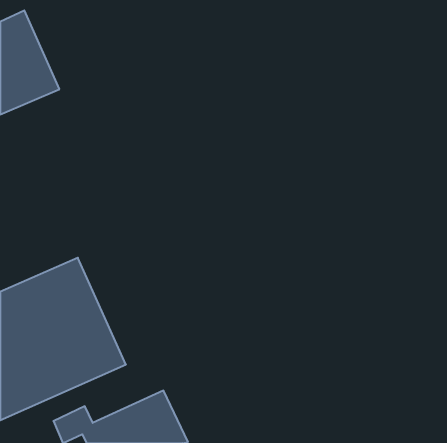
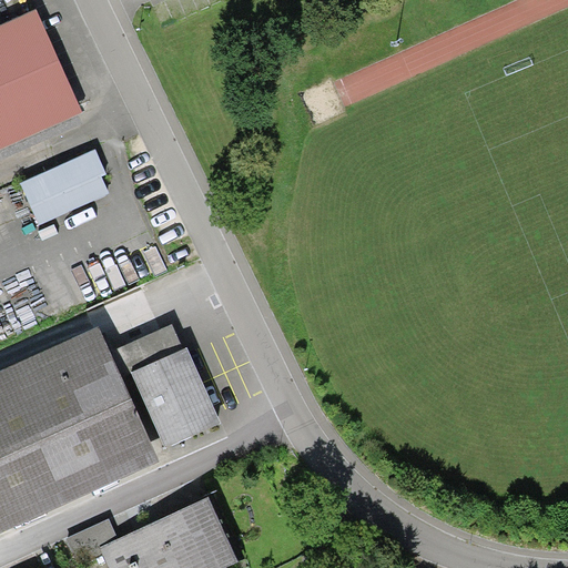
building: none -> [20,152,108,224]
building: none -> [122,323,221,446]

